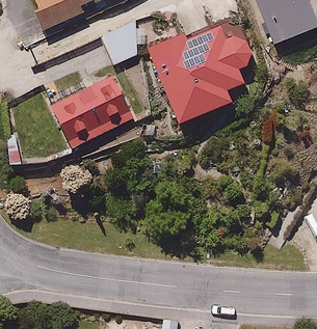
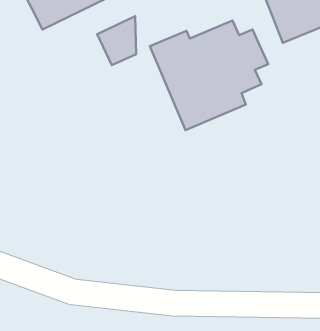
building: [53,77,131,144] -> none

